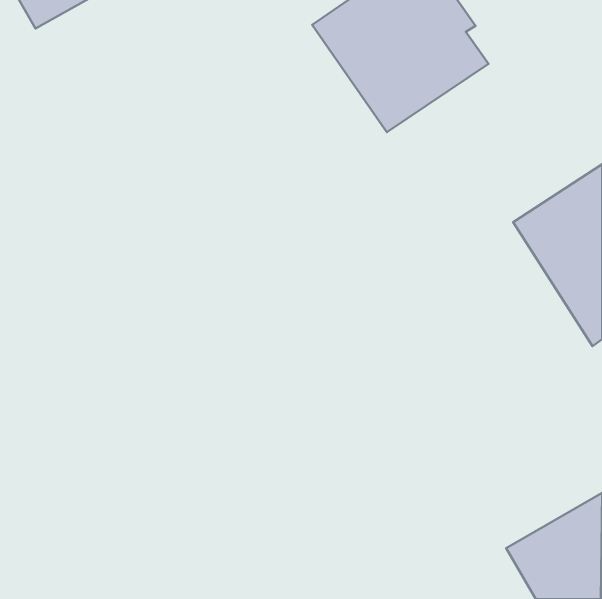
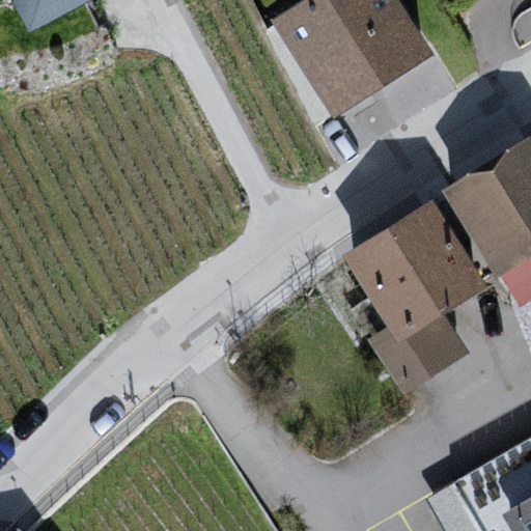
building: none -> [346,208,490,398]

